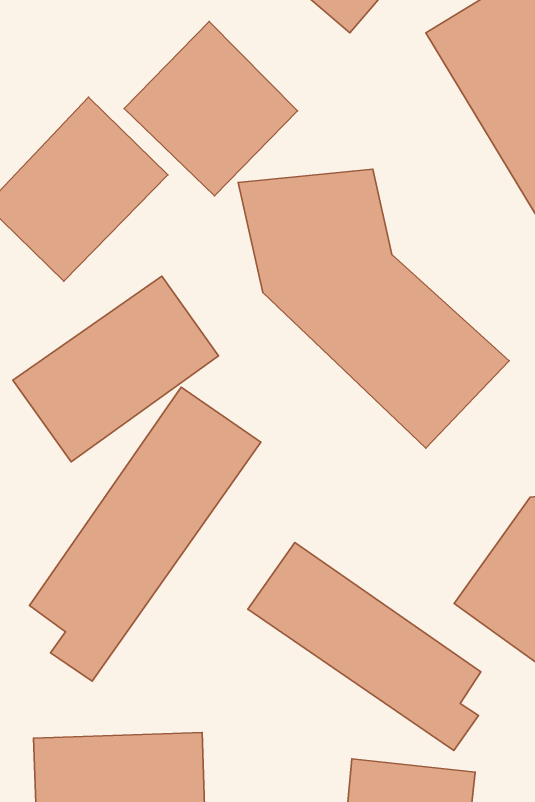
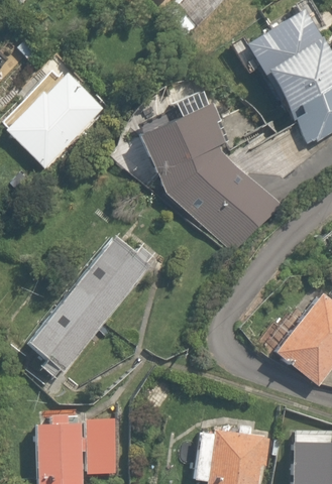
building: [124,21,297,196] -> none
building: [13,276,219,462] -> none
building: [248,542,481,750] -> none

